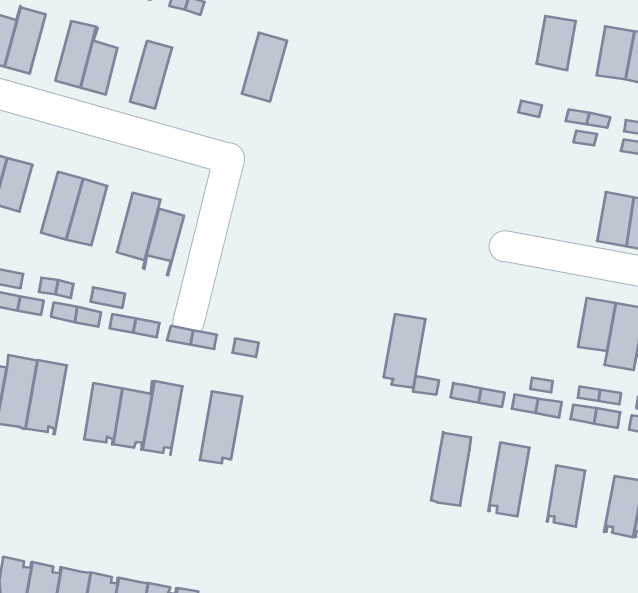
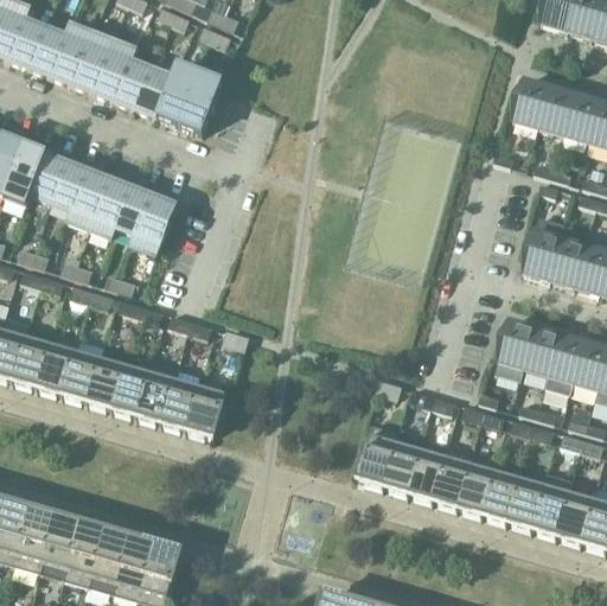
building: none -> [72,33,113,91]
building: none -> [538,87,575,135]
building: [242,33,287,101] -> [178,74,222,134]
building: none -> [136,69,172,116]
building: none -> [51,162,88,222]
building: none -> [523,217,564,279]
building: [143,209,184,275] -> [110,187,151,245]
building: none -> [494,320,535,379]
building: [384,314,426,388] -> [357,423,398,489]
building: none -> [62,339,100,404]
building: none -> [160,368,202,433]
building: none -> [407,438,447,503]
building: none -> [455,452,493,517]
building: none -> [505,477,543,531]

